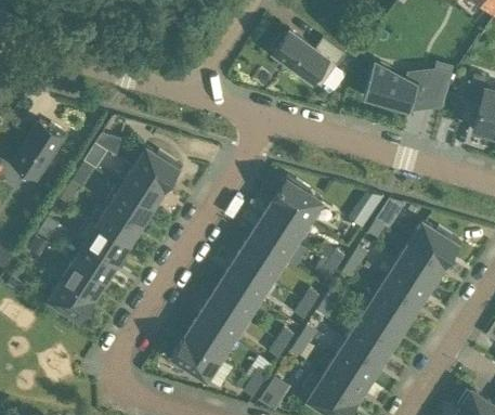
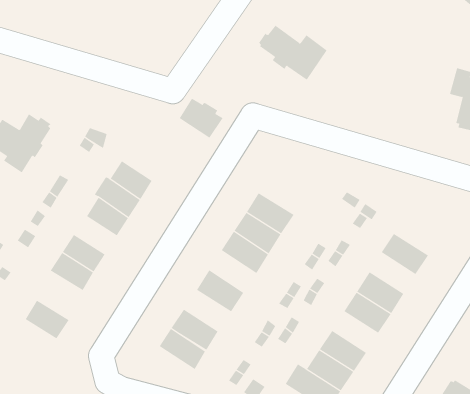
building: [365,61,419,112] -> none
building: [425,68,452,107] -> none
building: [134,147,180,189] -> [179,98,224,138]
building: [273,179,324,223] -> none
building: [77,218,130,263] -> none
building: [411,221,459,264] -> none
building: [223,259,272,302] -> none
building: [386,261,433,303] -> none
building: [50,280,95,320] -> [25,300,70,339]
building: [197,299,246,341] -> none
building: [348,321,395,363] -> none

